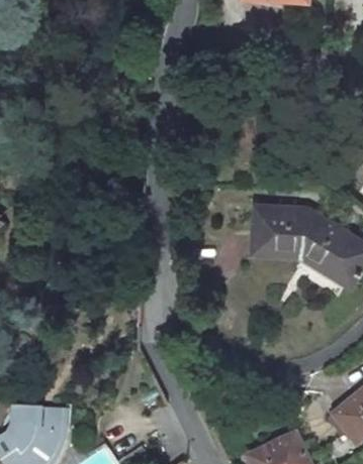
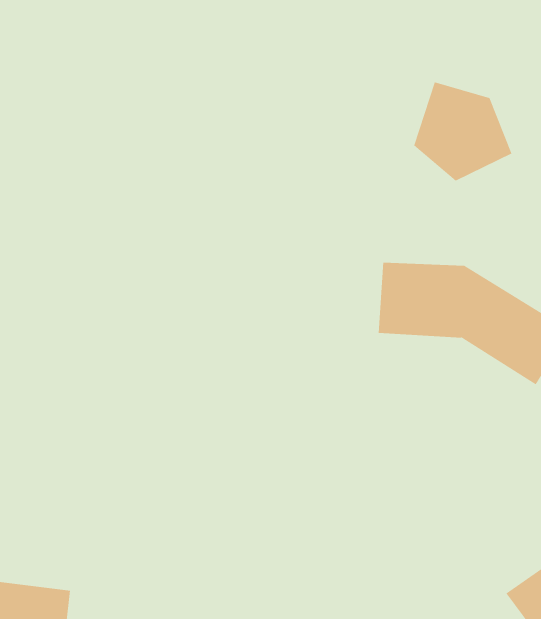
building: none -> [413,81,512,182]

